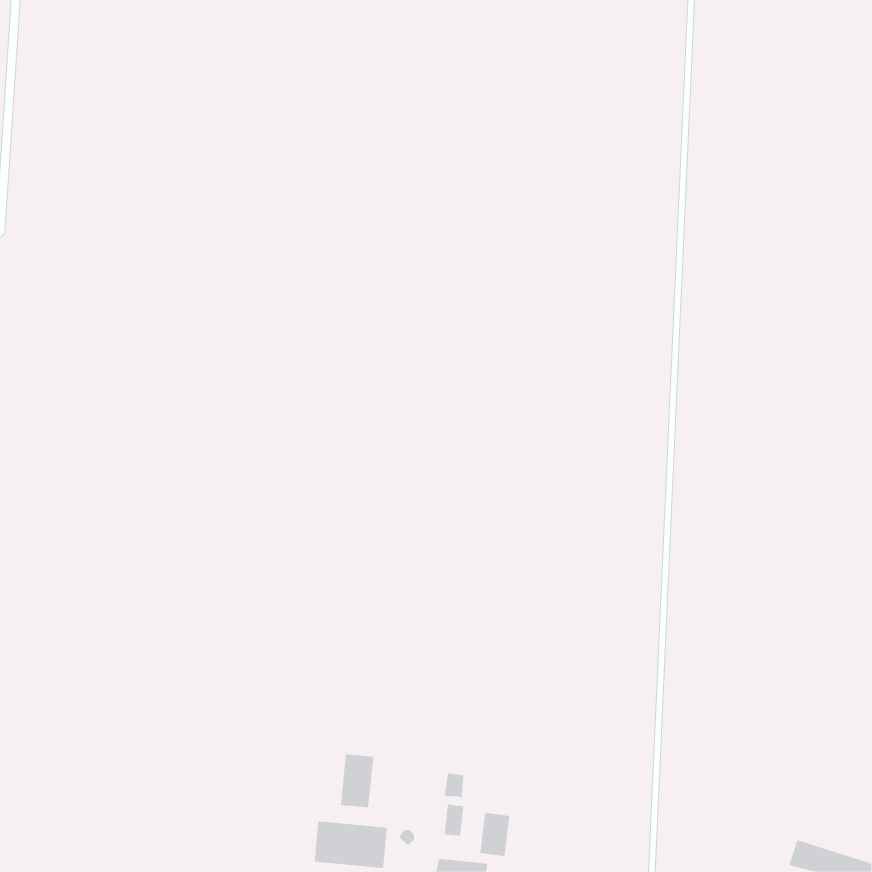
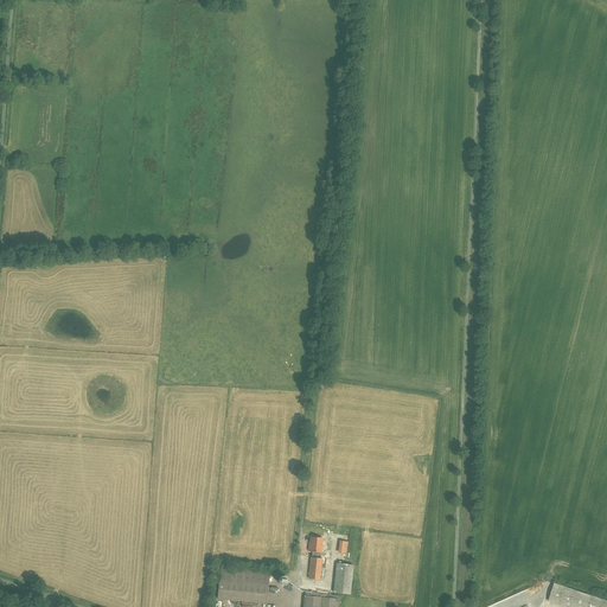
building: [340,754,374,808] -> none

